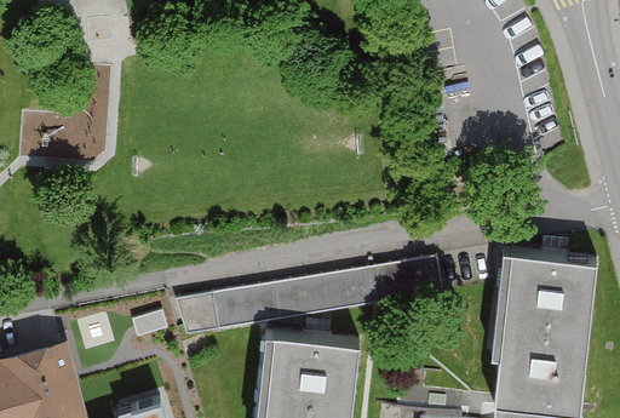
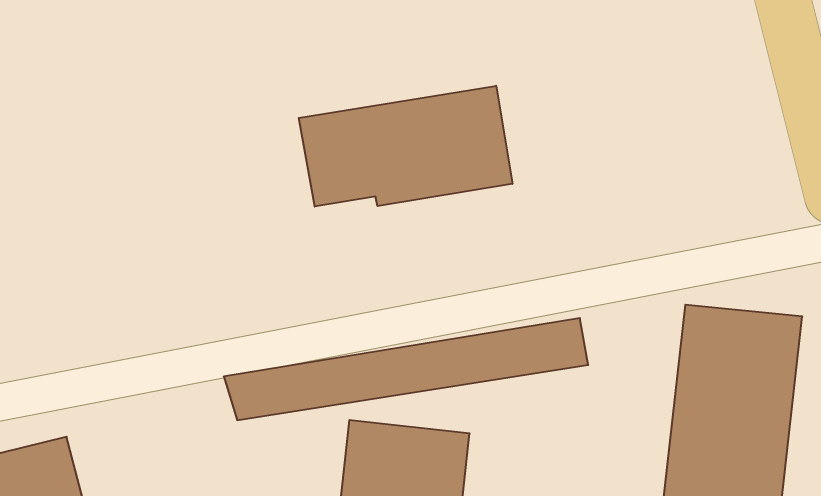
building: none -> [299,86,512,207]

